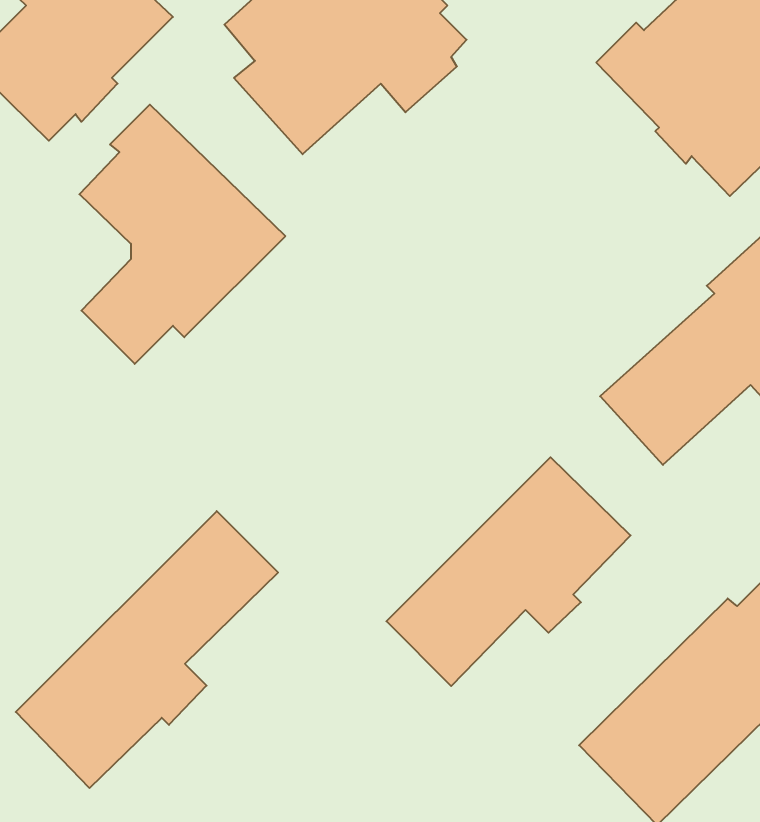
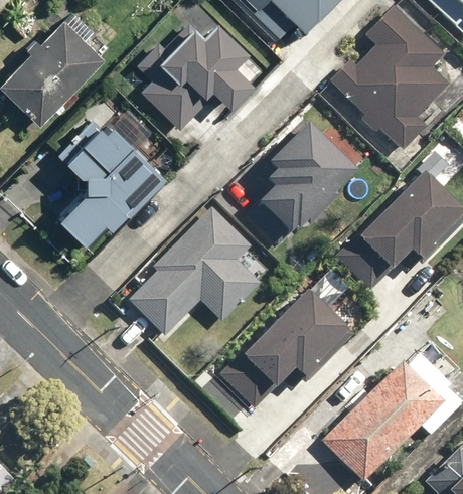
building: none -> [242,121,359,252]
building: none -> [127,207,268,336]
building: [16,511,278,788] -> none

